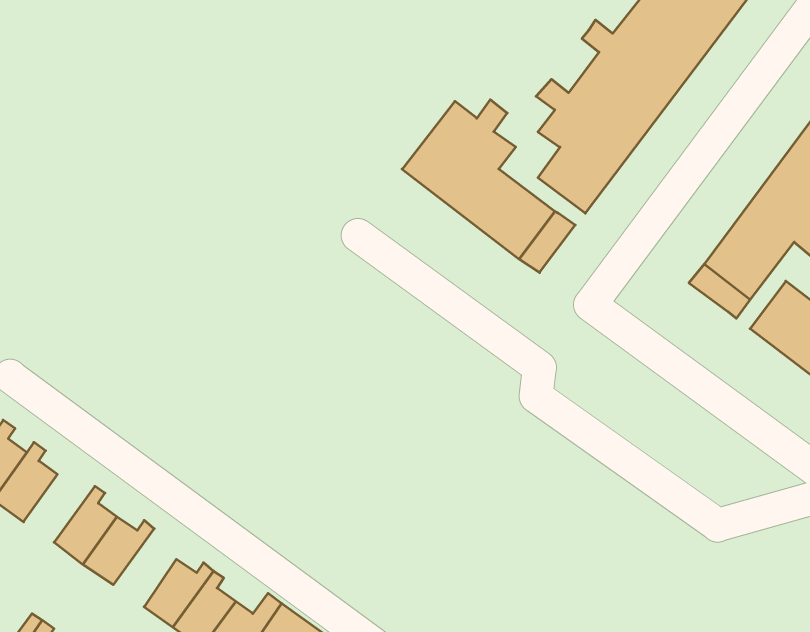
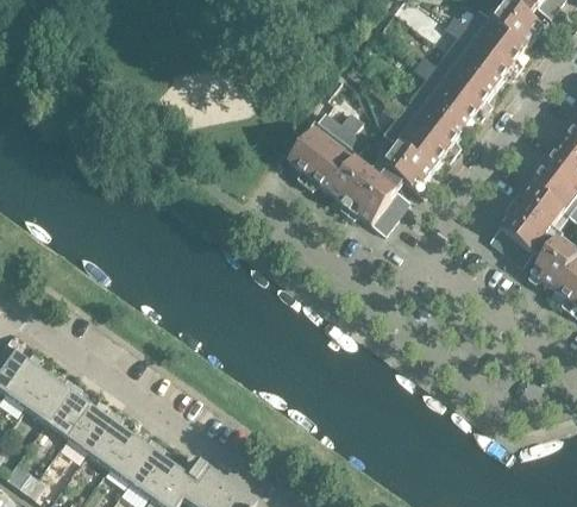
building: none -> [24,375,74,422]
building: none -> [87,413,131,468]

